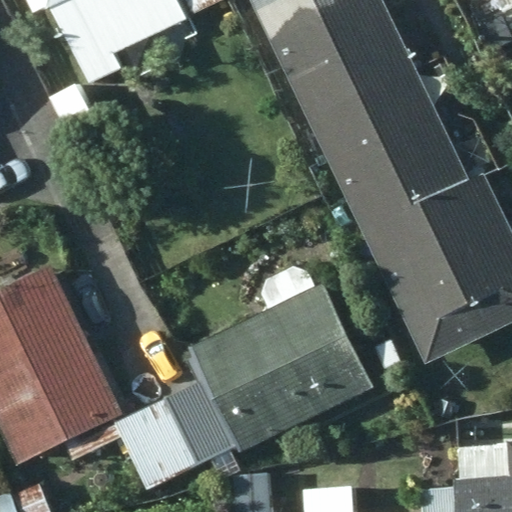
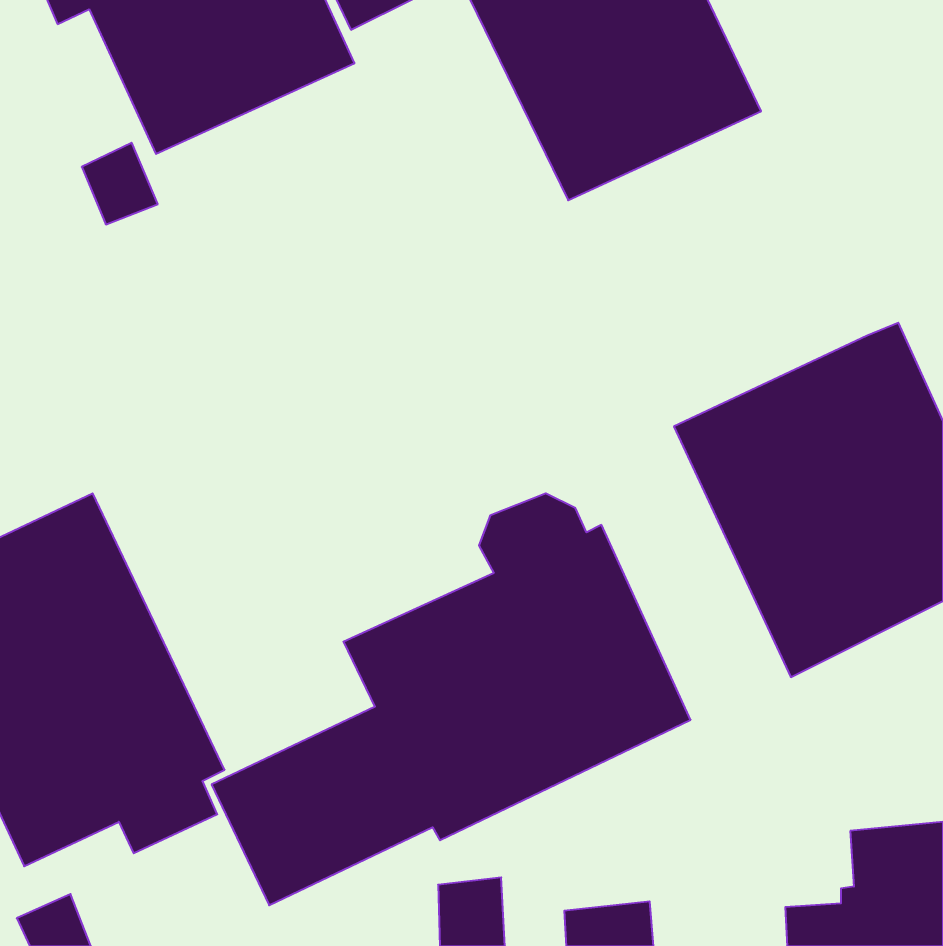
building: [306,60,467,230] -> none

